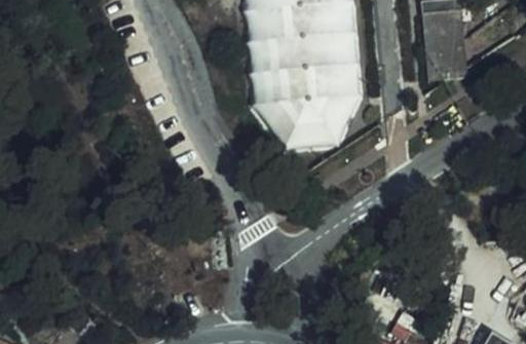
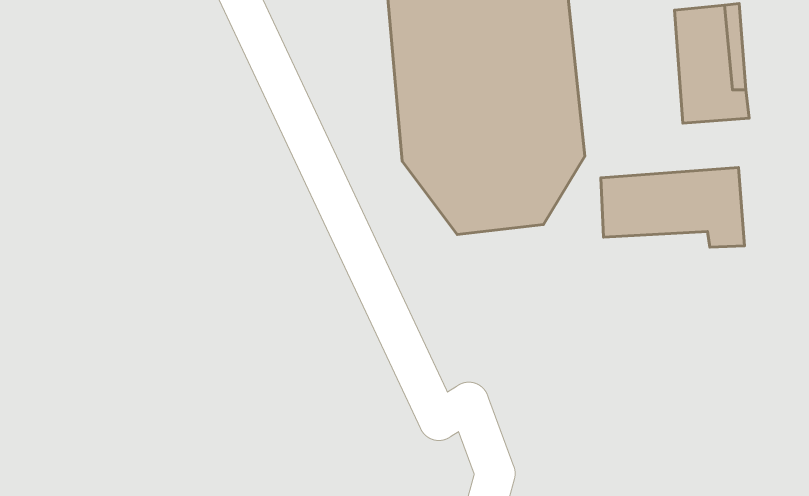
building: none -> [601,167,744,247]

